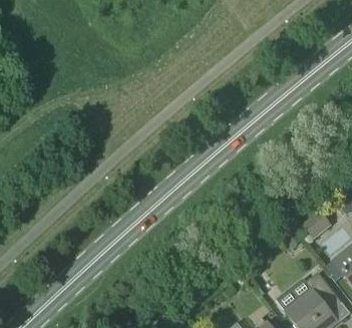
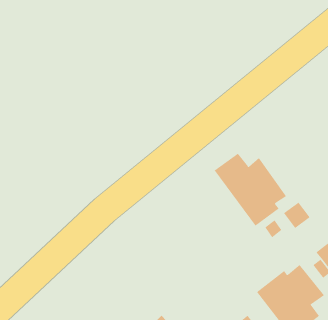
building: none -> [214,153,287,226]

